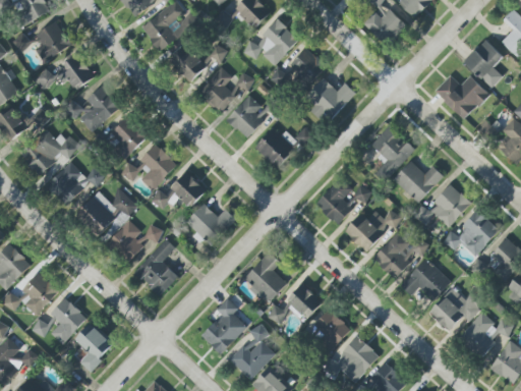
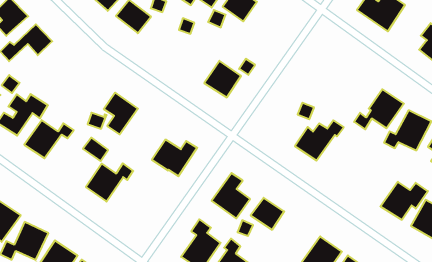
building: [198,67,235,112] -> none
building: [307,78,356,119] -> none
building: [79,86,120,132] -> none
building: [226,95,264,138] -> none
building: [110,117,146,153] -> none
building: [371,126,414,181] -> none
building: [393,161,443,203] -> none
building: [151,171,206,209] -> none
building: [314,180,351,223] -> none
building: [76,191,119,234] -> none
building: [372,232,428,279] -> none
building: [134,239,178,296] -> none
building: [400,259,450,300] -> none
building: [313,309,351,352] -> none

